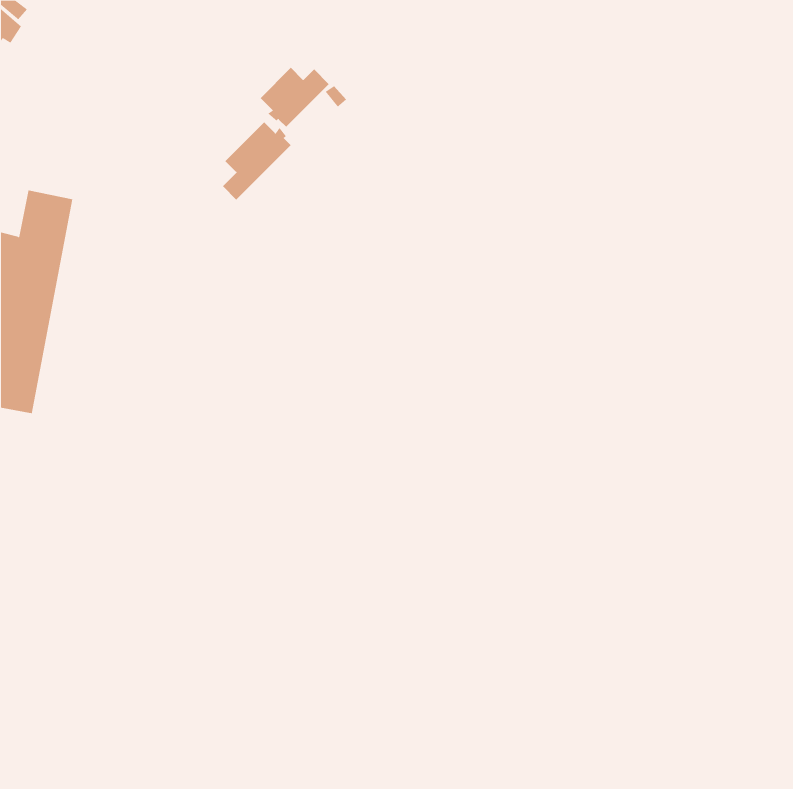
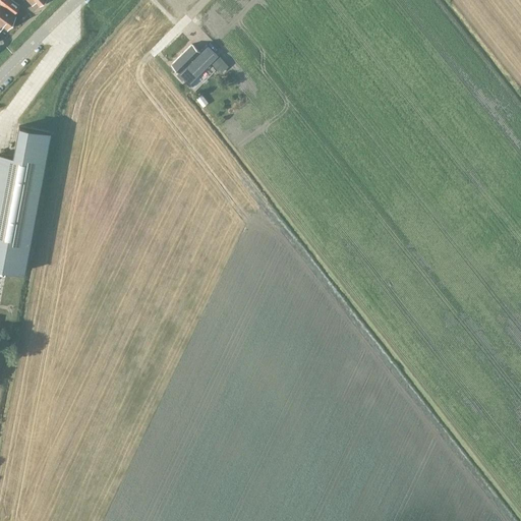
building: [222,122,292,201] -> none

